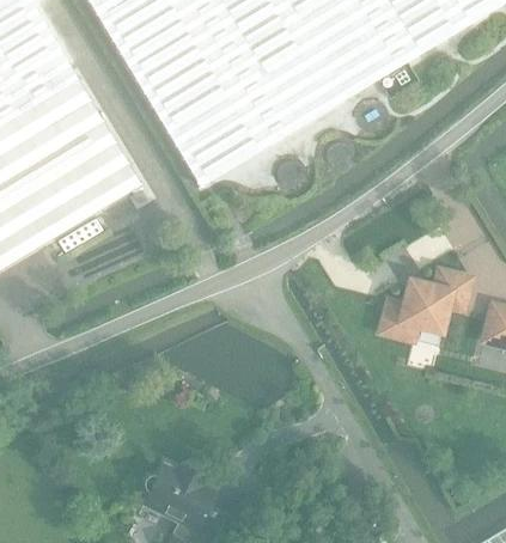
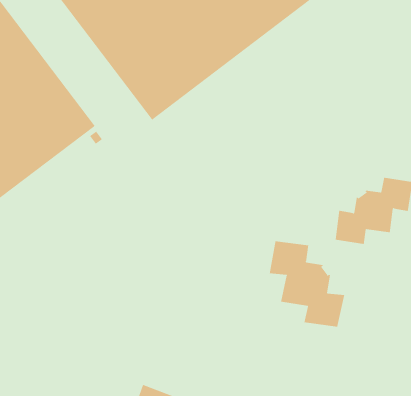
building: none -> [269,240,345,327]

